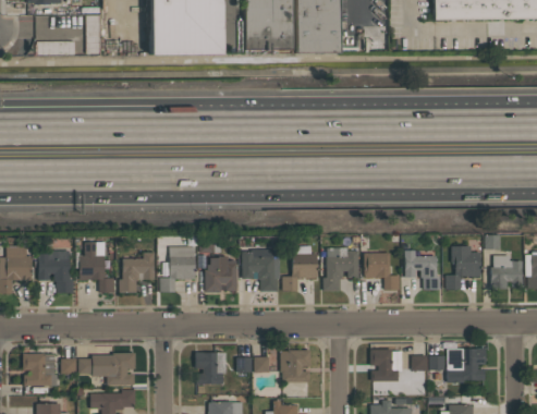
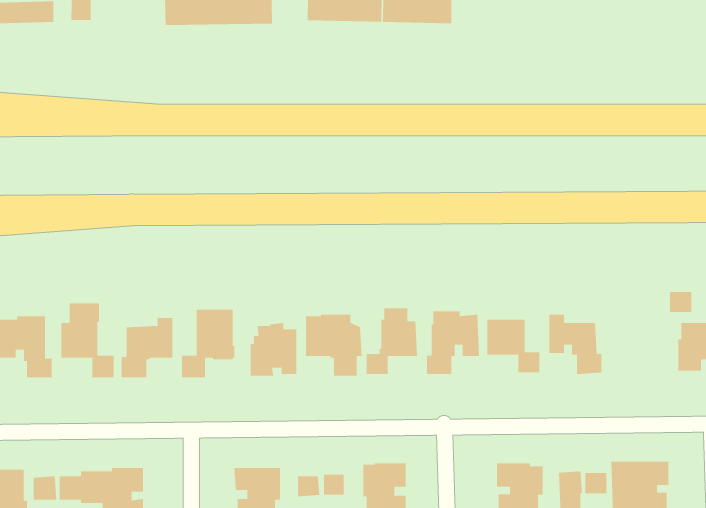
building: [447,245,480,289] -> none

